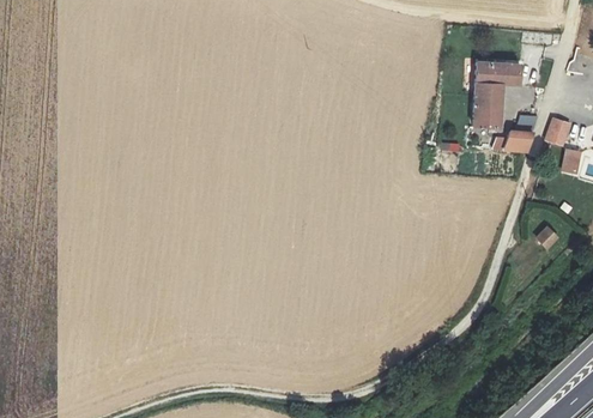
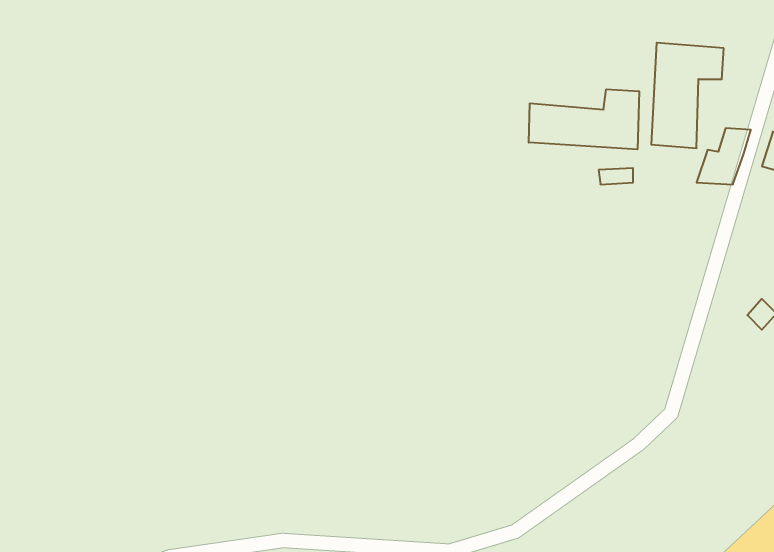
building: none -> [529,89,639,149]

